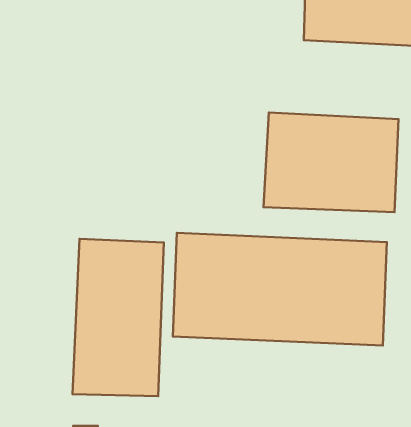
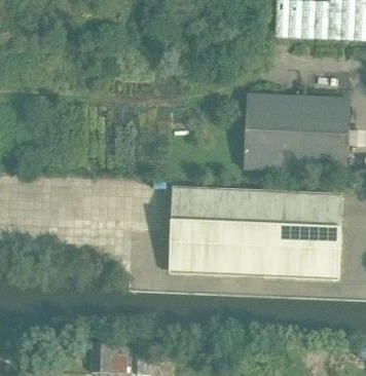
building: [73,239,164,396] -> none

